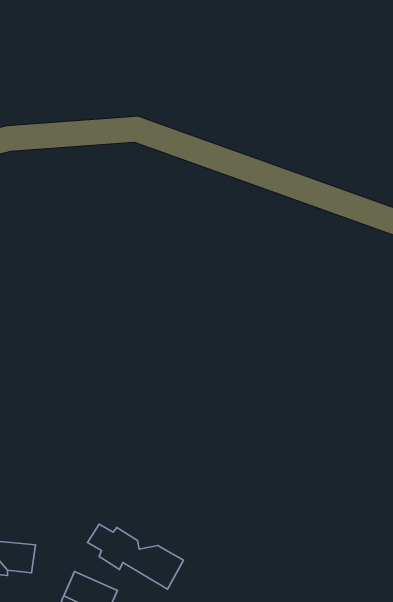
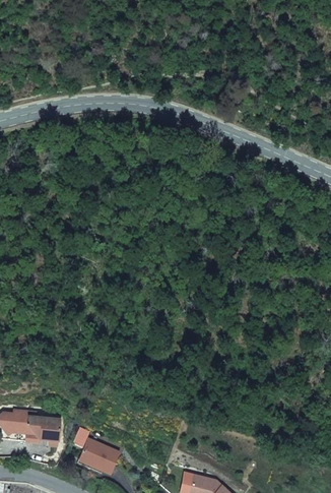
building: [87,524,183,589] -> none

